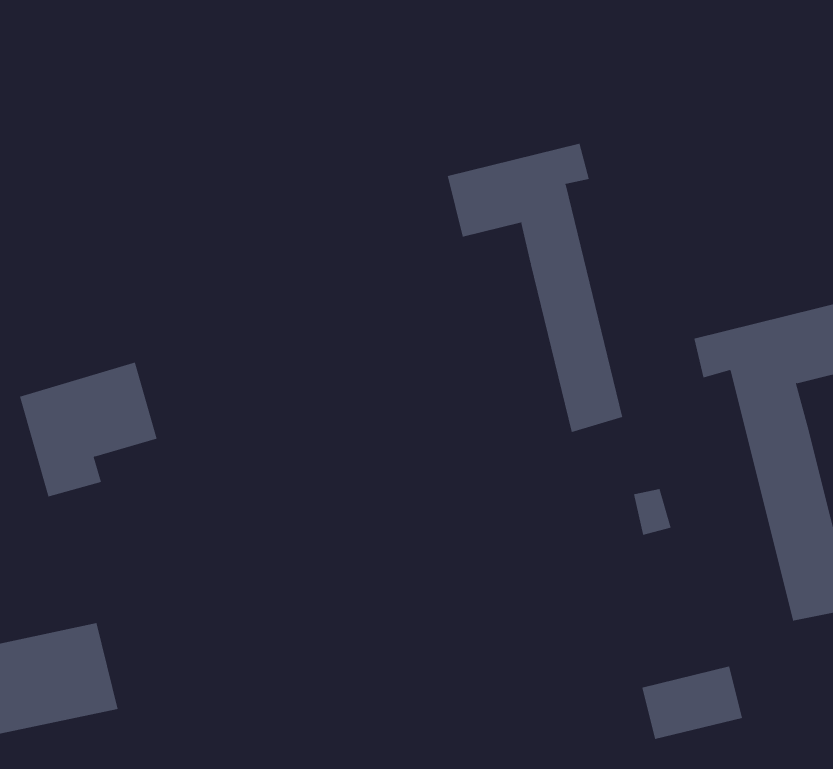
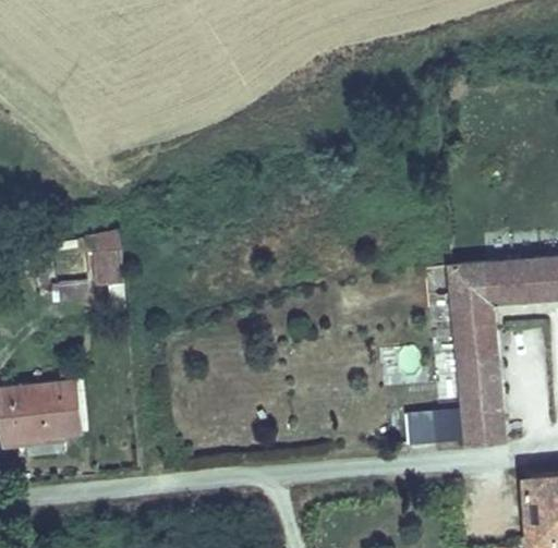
building: [447,143,623,433] -> none
building: [641,666,743,740] -> [395,410,451,447]

